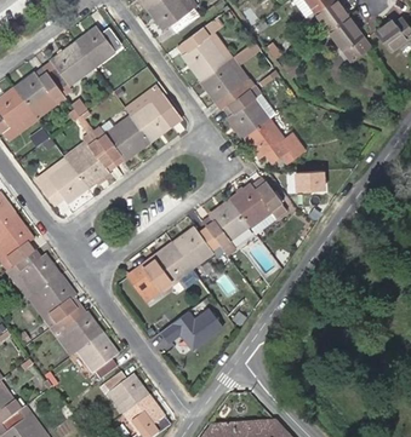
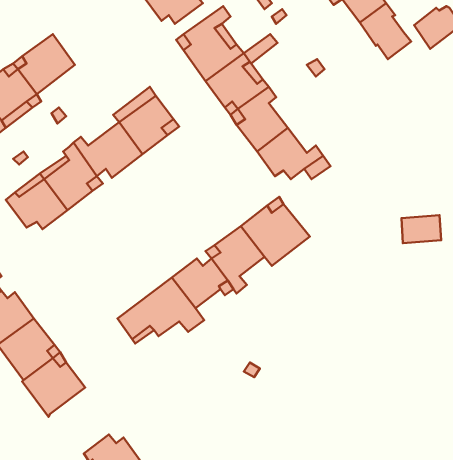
building: [75,24,121,67] -> none
building: [298,168,331,191] -> [401,215,441,243]
building: [161,307,223,349] -> none
building: [73,333,119,384] -> none

